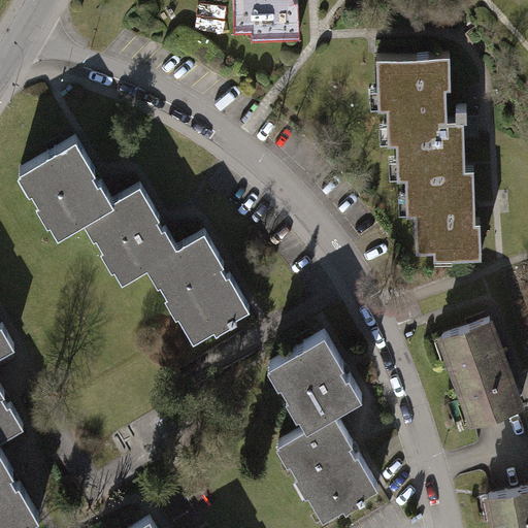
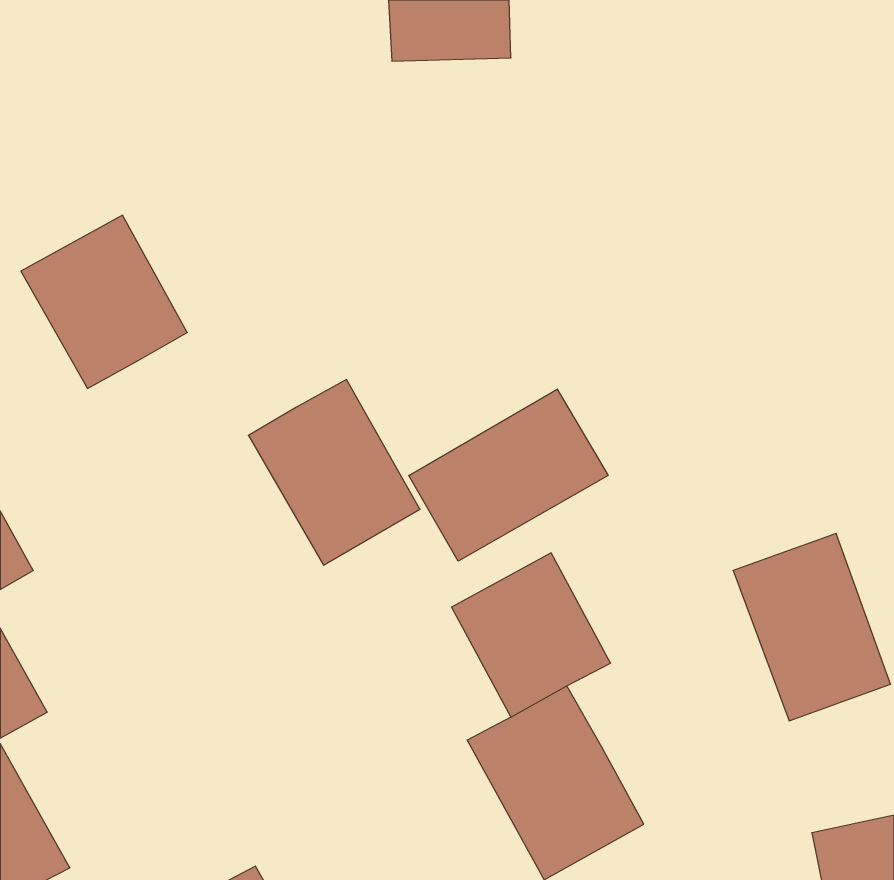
building: [377,56,486,262] -> none
building: [81,188,174,282] -> none
building: none -> [409,389,608,561]

